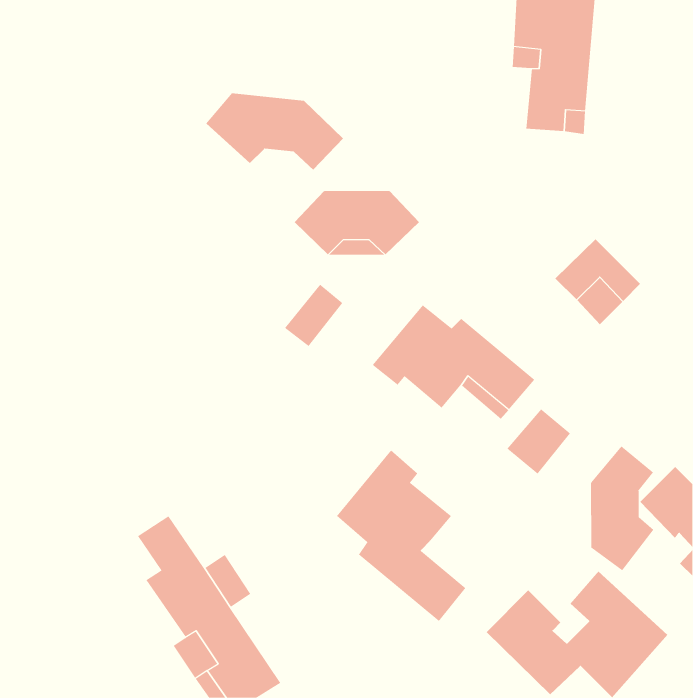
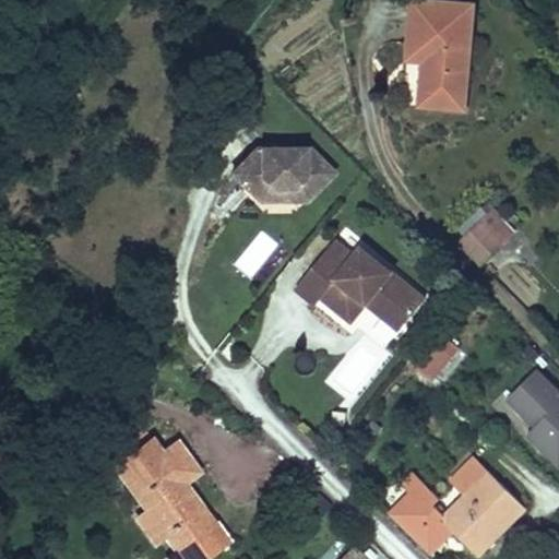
building: [205,93,344,171] -> none
building: [591,445,654,571] -> none
building: [336,449,466,622] -> none

